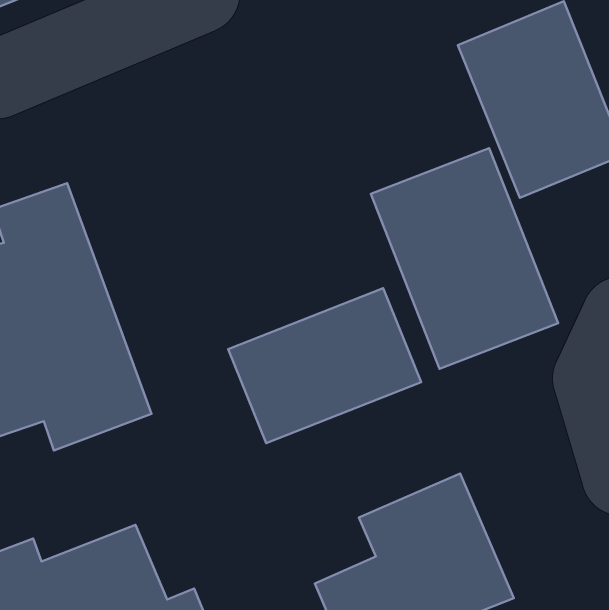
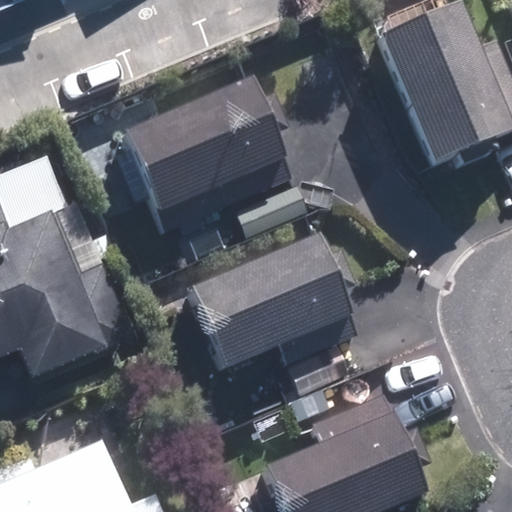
building: none -> [114,77,286,216]
building: [371,148,558,369] -> none

